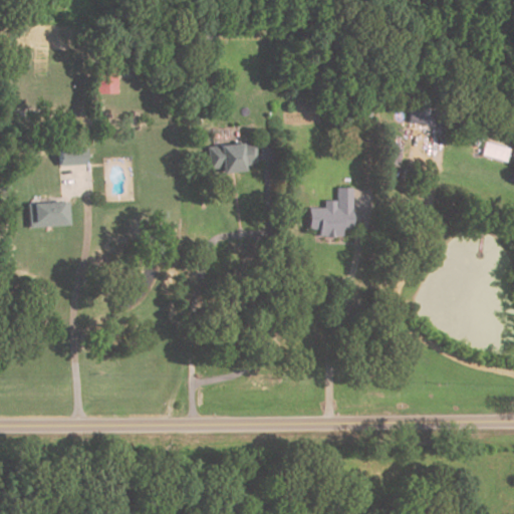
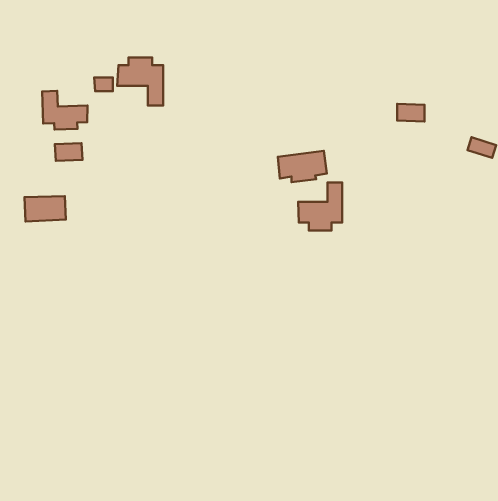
building: none -> [117,57,163,106]
building: none -> [42,91,88,130]
building: [208,141,258,173] -> [278,151,327,182]

